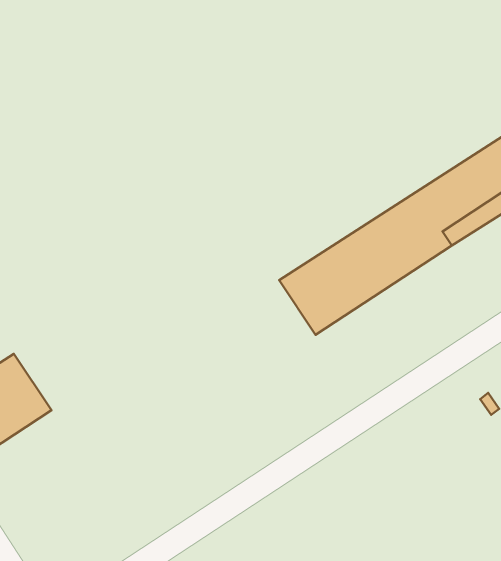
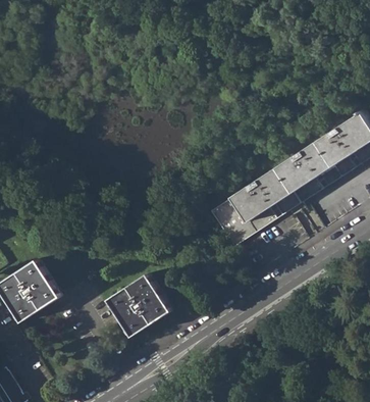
building: none -> [105,274,168,337]

